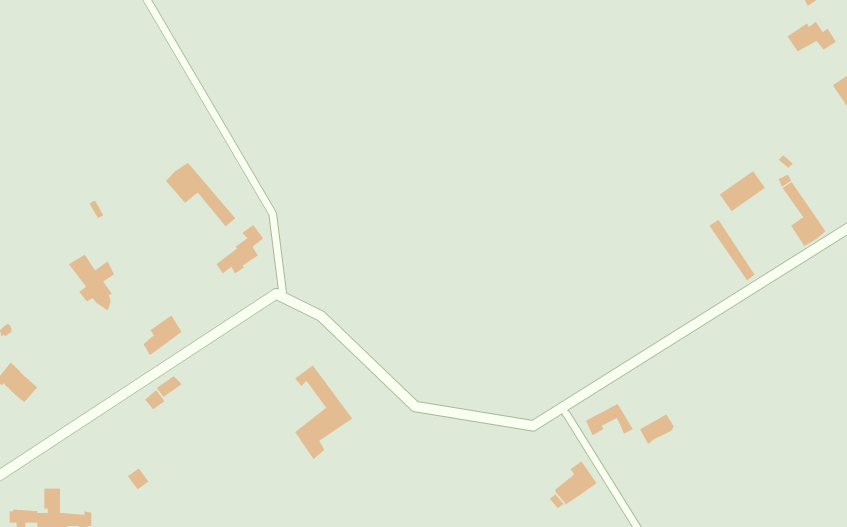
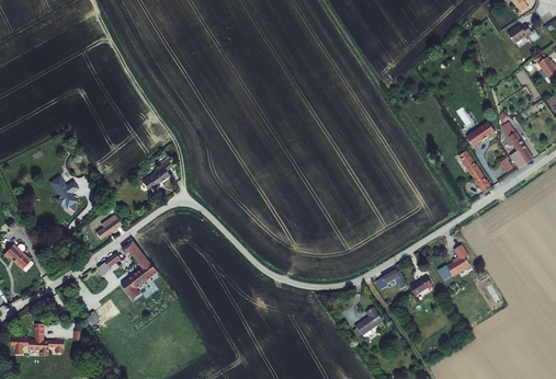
building: [165,162,236,228] -> none
building: none -> [439,243,473,279]
building: [294,365,353,460] -> [123,238,160,298]

